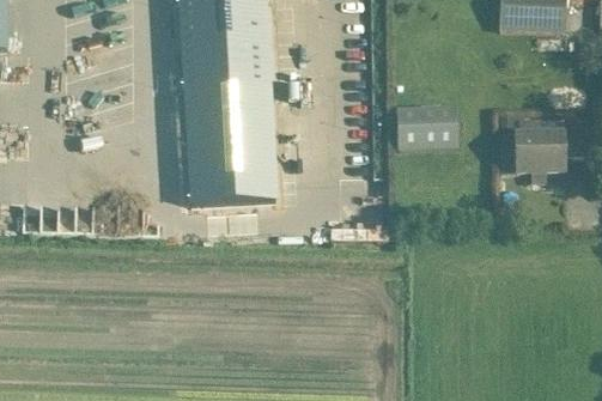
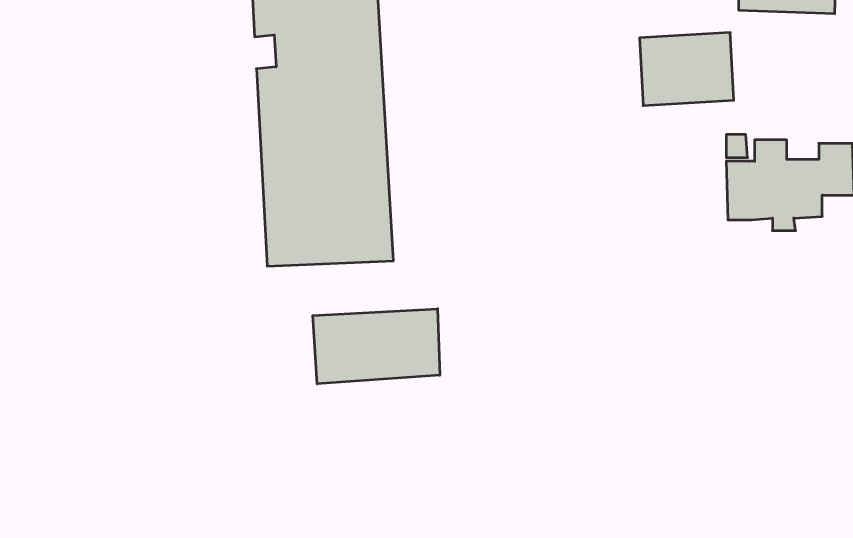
building: [395,101,458,150] -> [640,33,734,106]
building: none -> [313,309,440,384]

